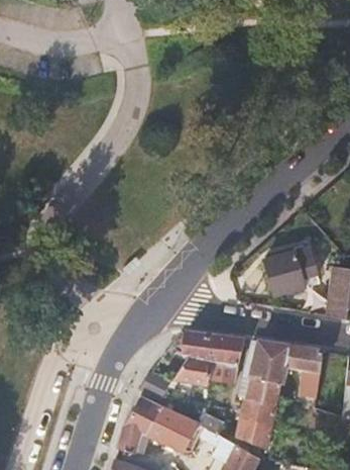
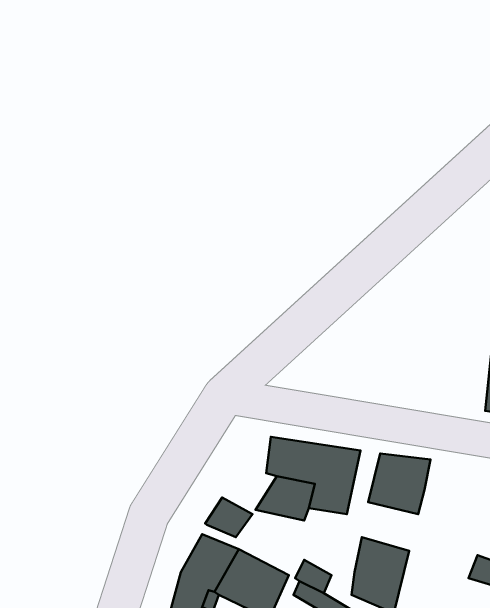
building: [265,246,317,293] -> none
building: [286,346,323,396] -> none
building: [245,374,282,406] -> none

